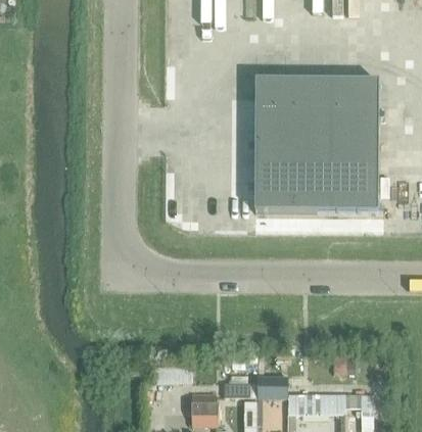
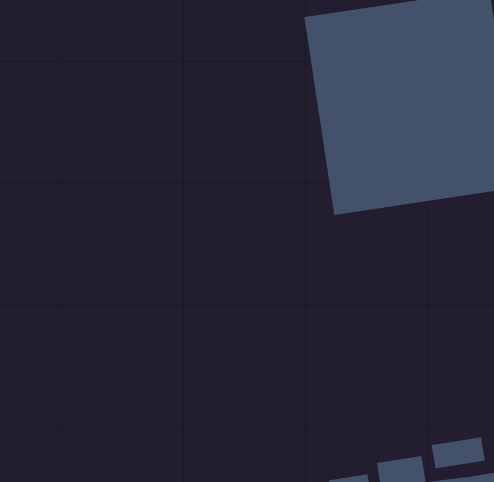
building: none -> [431,437,485,469]

